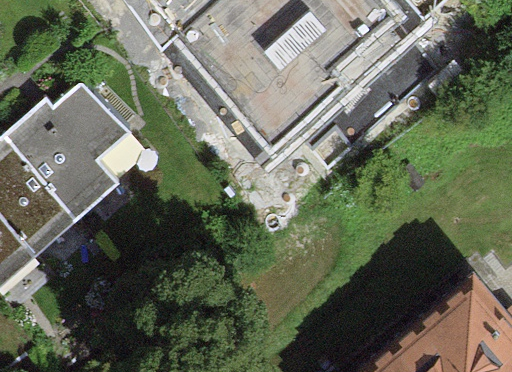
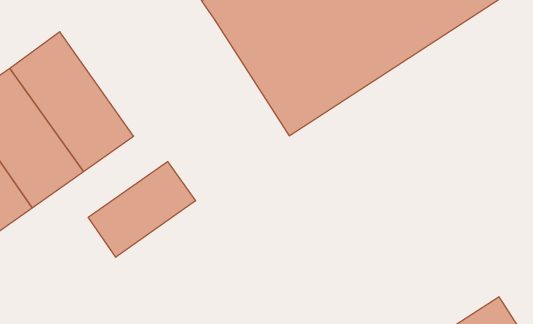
building: none -> [88,162,196,257]

